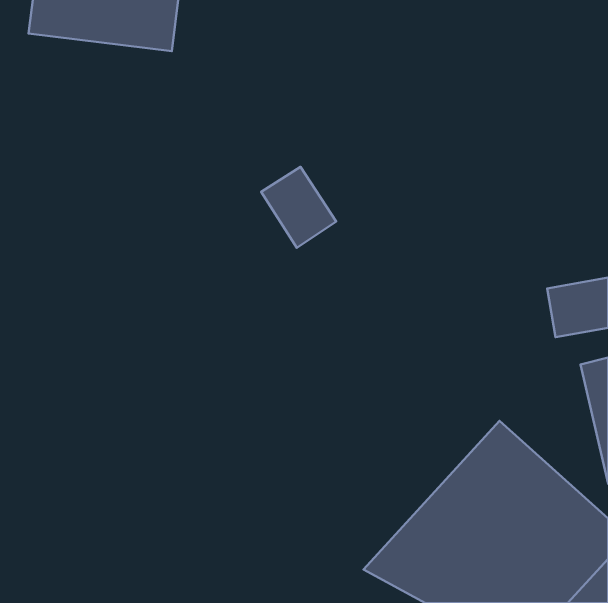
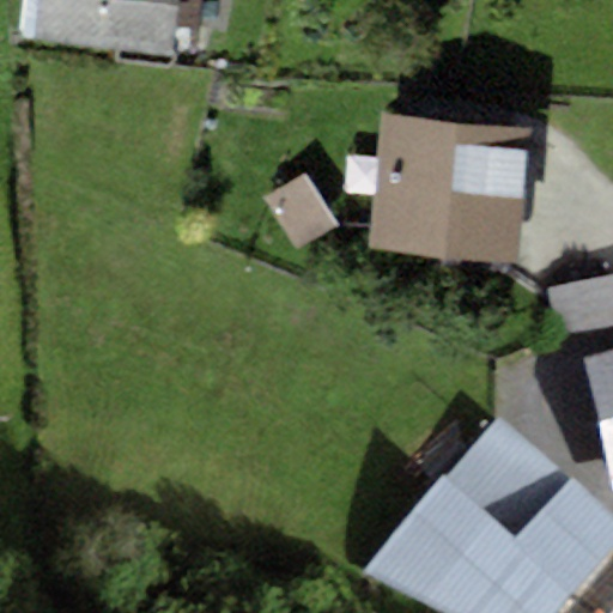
building: none -> [369,107,532,268]

